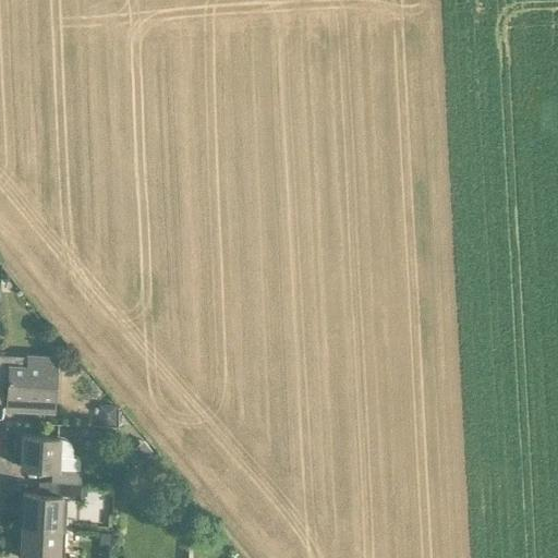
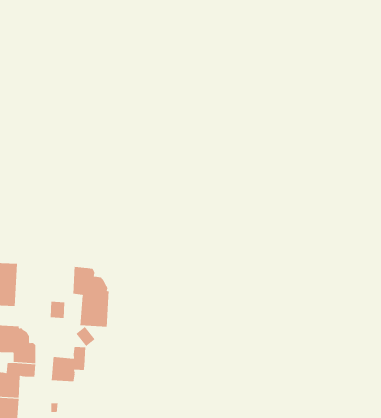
building: none -> [73,266,109,327]
building: none -> [51,346,86,382]

